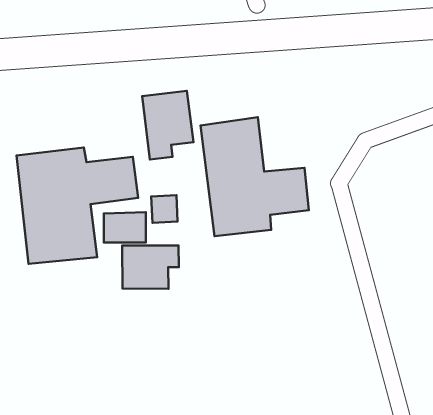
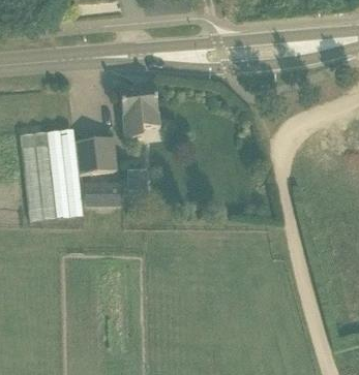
building: [201,117,309,236] -> none
building: [122,245,179,289] -> none

